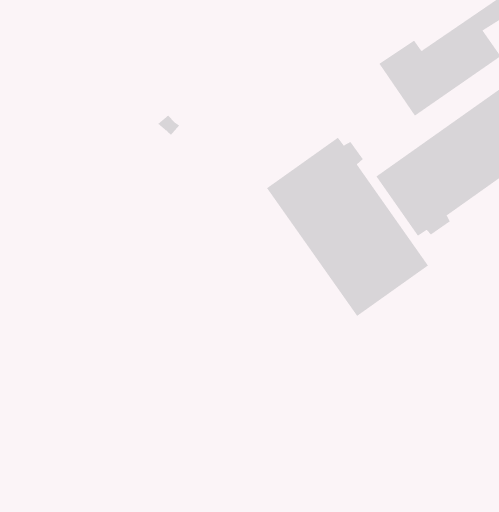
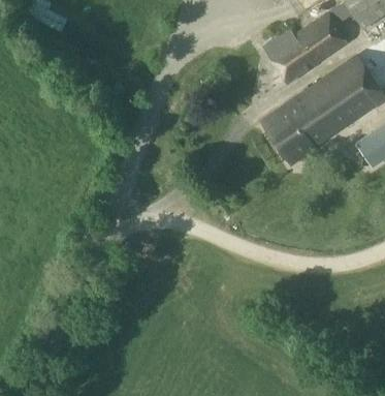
building: [266,137,429,317] -> none

